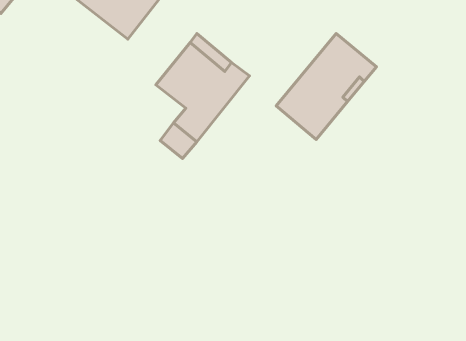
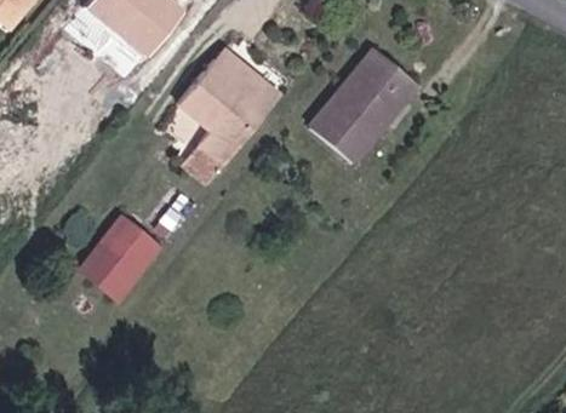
building: none -> [84,216,165,299]

